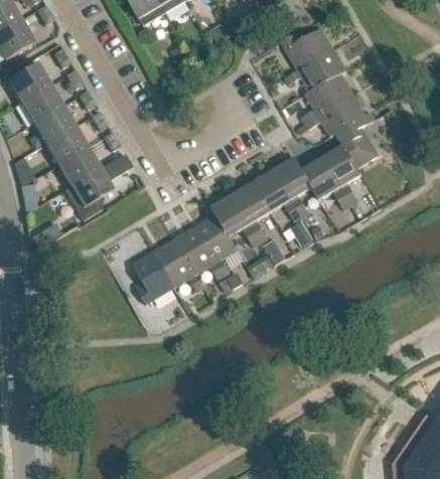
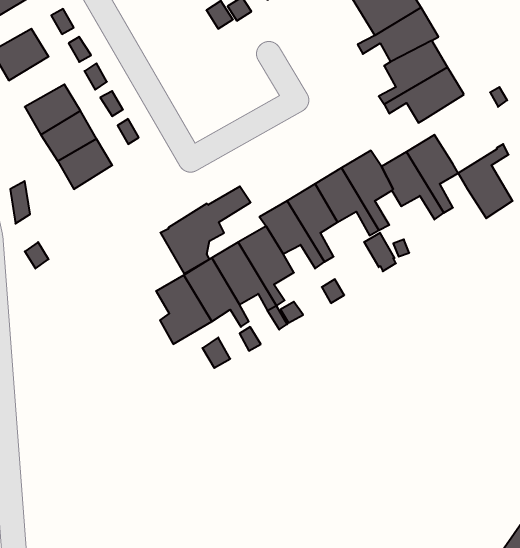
building: [21,85,63,123] -> none
building: [337,110,379,166] -> [458,144,513,218]
building: [64,154,133,220] -> [160,186,251,274]

